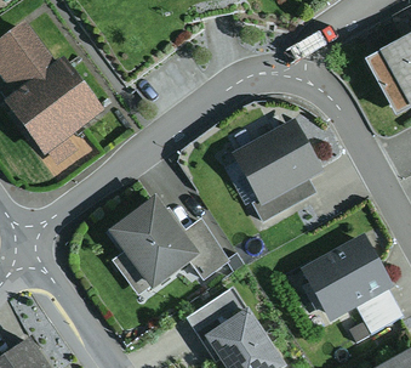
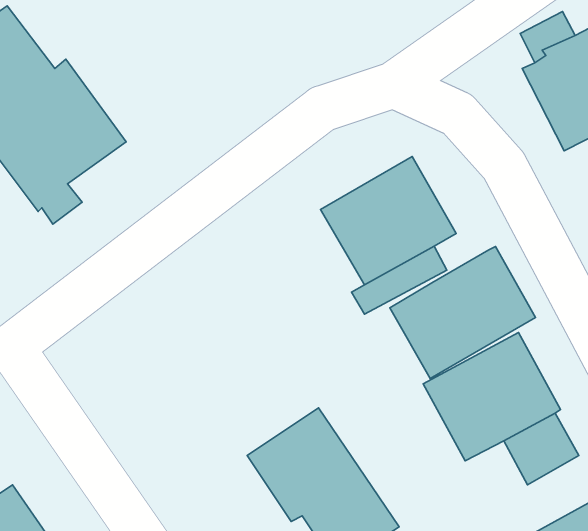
building: none -> [390,247,536,379]
building: [103,200,228,299] -> none

